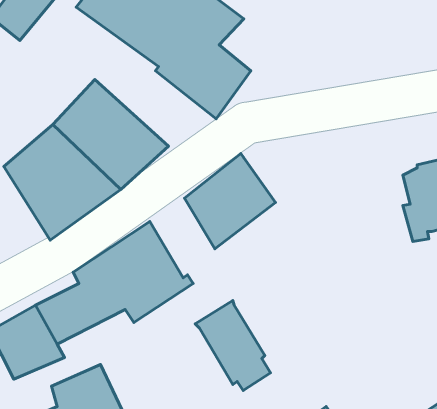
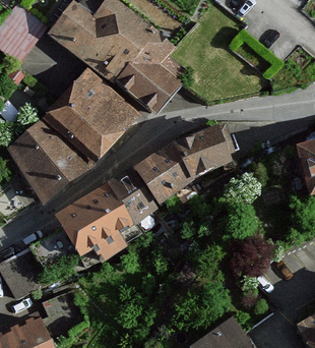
building: none -> [71,71,138,133]
building: none -> [176,125,223,173]
building: [195,301,270,390] -> [107,167,160,230]

